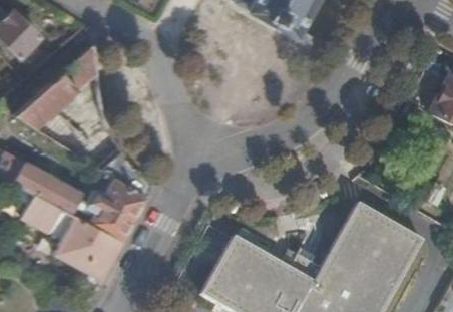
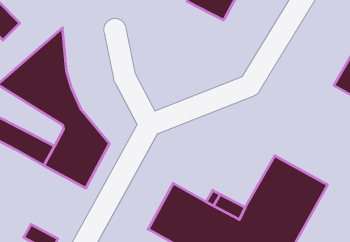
building: [21,194,123,279] -> none

